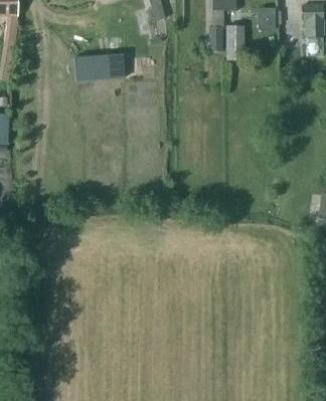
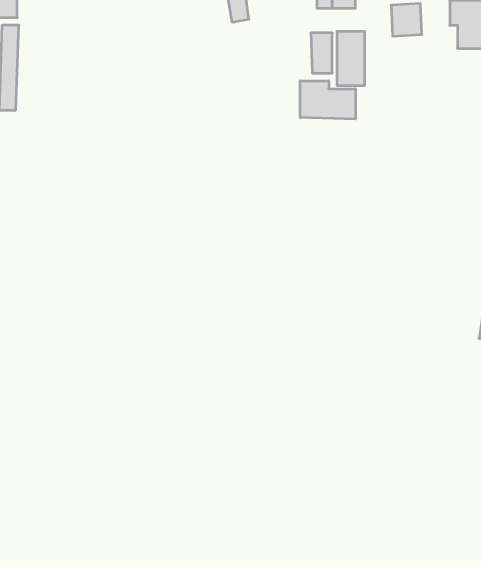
building: [82,54,130,78] -> none
building: none -> [300,81,355,119]

